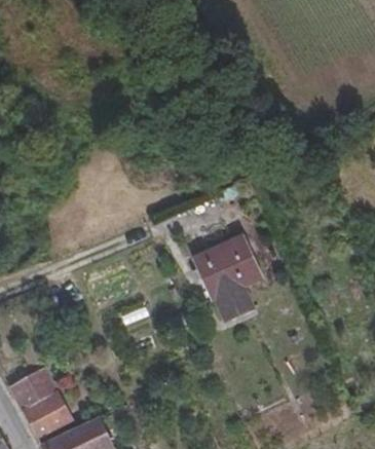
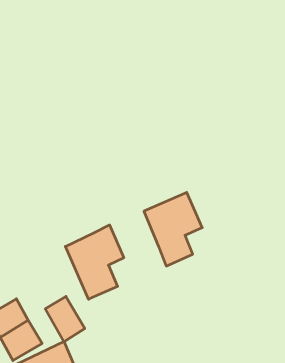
building: none -> [65,225,124,299]
building: none -> [45,296,85,342]

